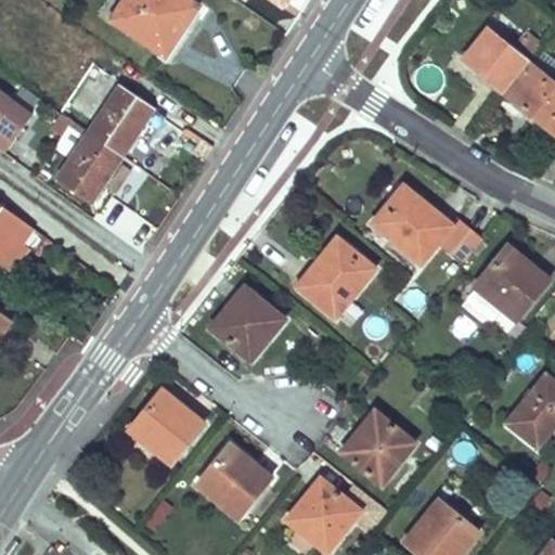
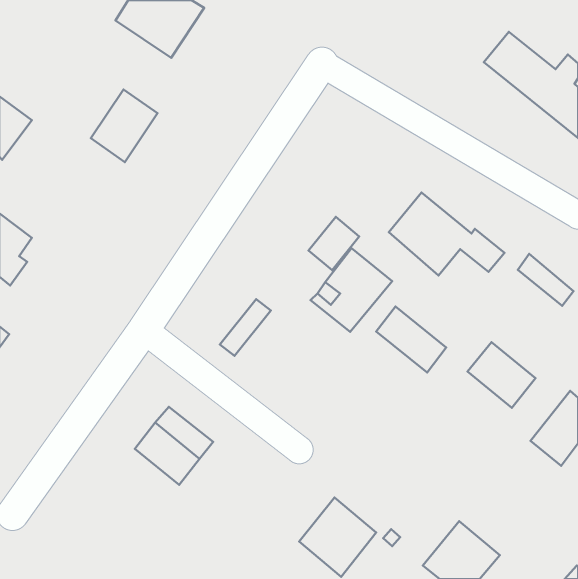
building: [55,132,119,202] -> none
building: none -> [309,217,359,270]
building: [473,258,538,321] -> [468,342,536,408]
building: none -> [376,307,446,372]
building: [224,297,283,361] -> none
building: [339,409,415,485] -> none
building: [197,442,272,516] -> none

